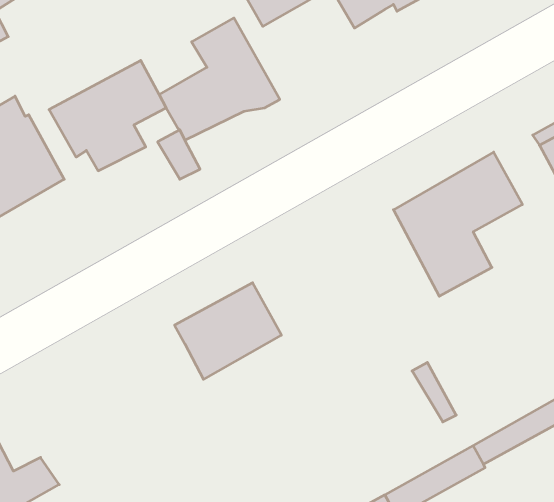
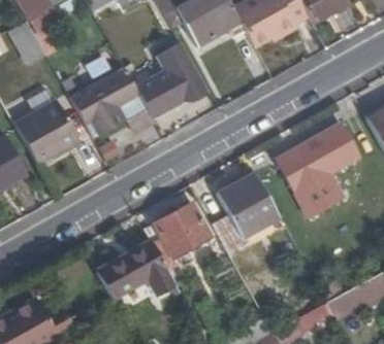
building: none -> [215,170,288,266]
building: none -> [99,239,177,295]

